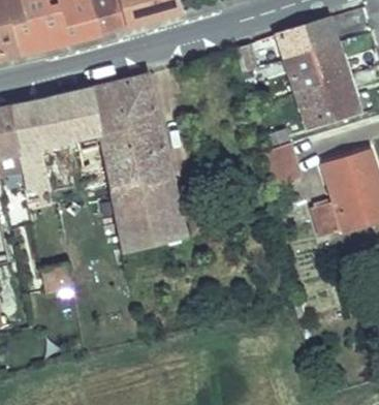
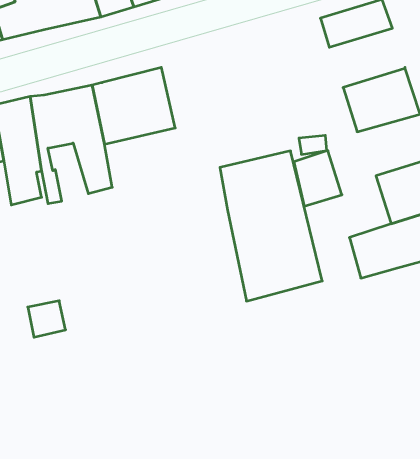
building: [286,41,348,90] -> none
building: [102,123,186,246] -> [220,151,322,301]

